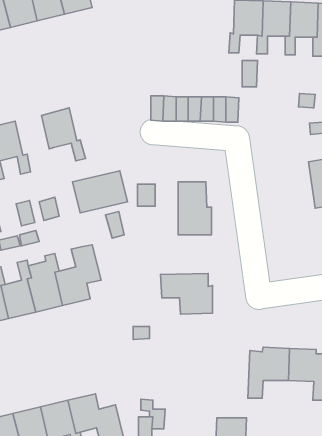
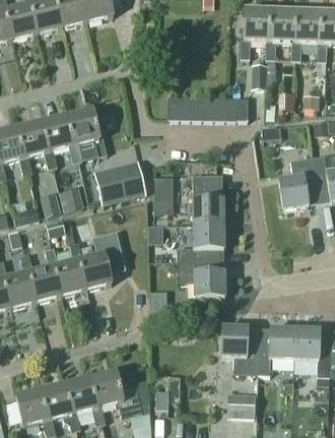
building: none -> [43,114,82,162]
building: none -> [279,157,319,208]
building: none -> [177,224,224,260]
building: none -> [221,325,259,374]

